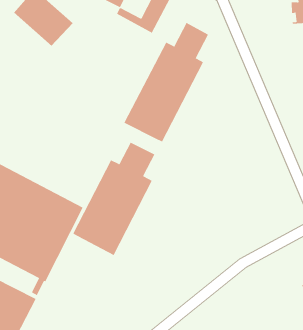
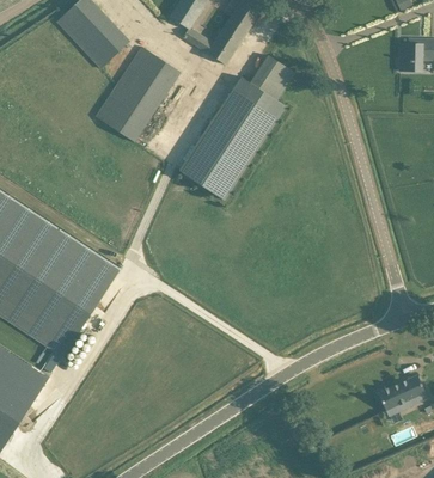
building: none -> [94,47,181,143]
building: [73,142,155,256] -> none

